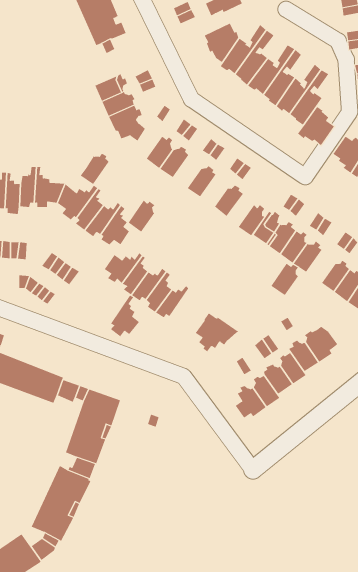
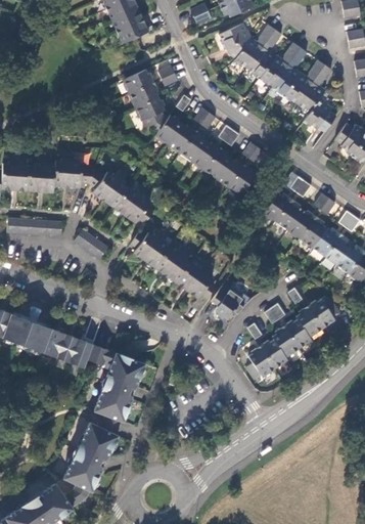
building: [80,153,109,185] -> [154,117,181,145]
building: [128,200,155,233] -> [191,142,216,172]
building: [238,204,265,236] -> [216,160,240,188]
building: [270,263,299,296] -> [311,227,336,257]
building: [110,295,140,337] -> [188,262,215,300]

